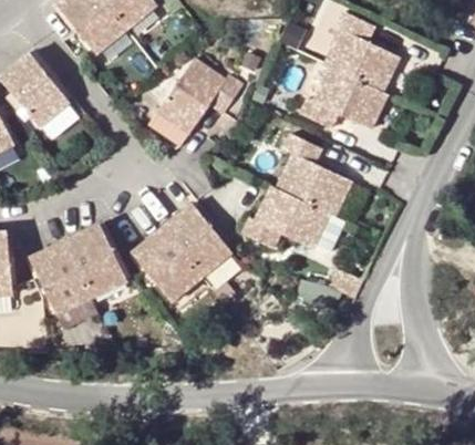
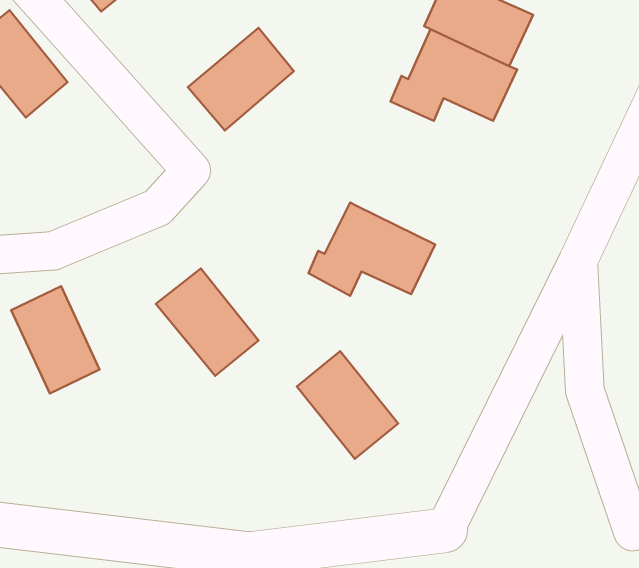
building: [271,132,347,216] -> none
building: [164,206,234,280] -> [297,351,398,459]
building: [68,227,130,300] -> none

